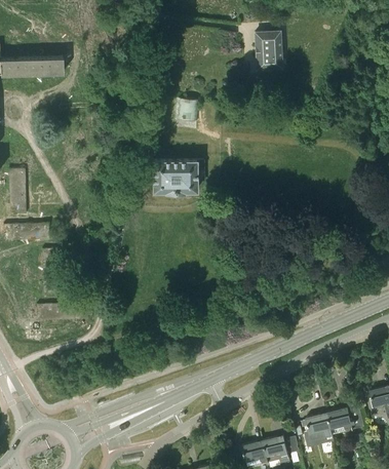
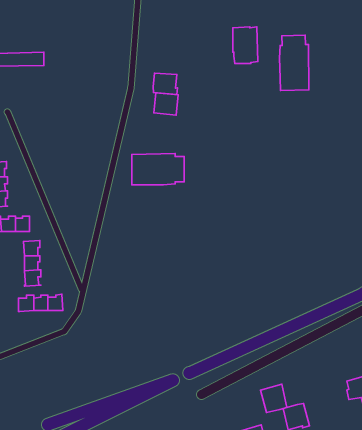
building: none -> [280,35,309,90]
building: none -> [153,73,178,95]
building: [326,406,353,435] -> [261,384,287,413]

